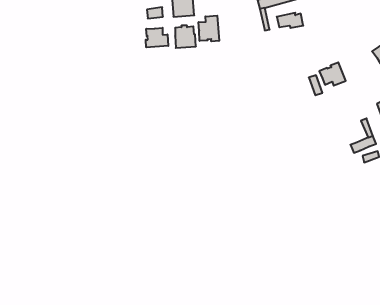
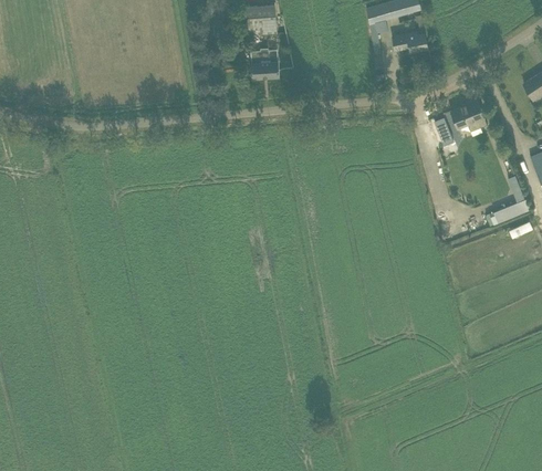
building: [199,16,219,41] -> none
building: [146,28,168,47] -> none

